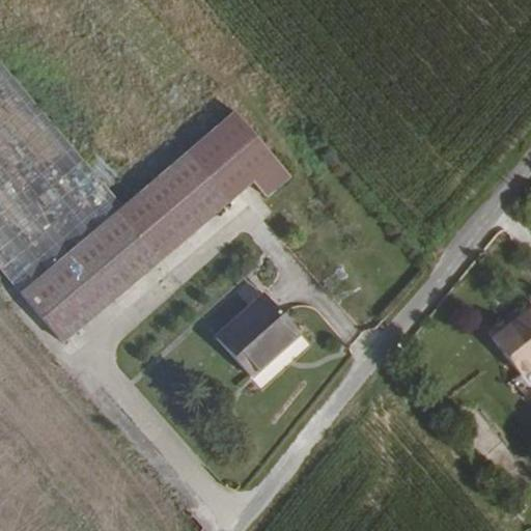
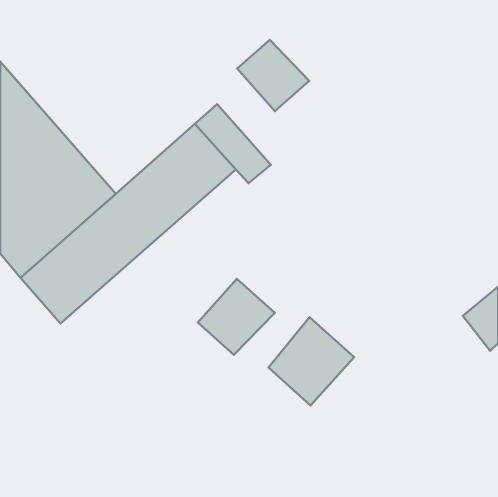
building: none -> [237,40,309,111]
building: none -> [268,317,354,405]

